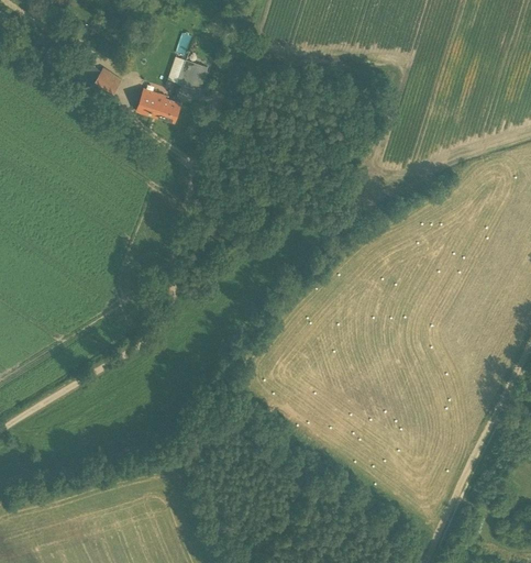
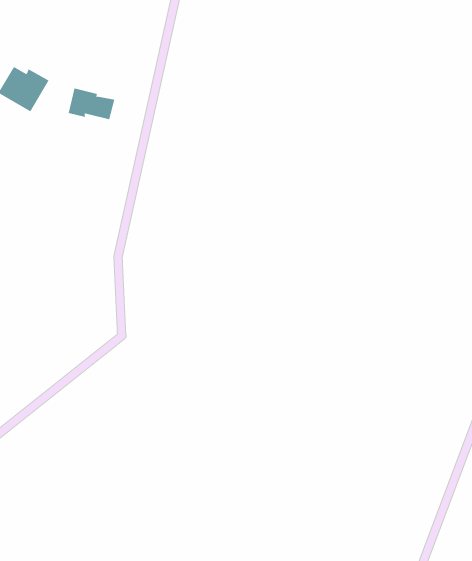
building: [170,59,208,90] -> none

